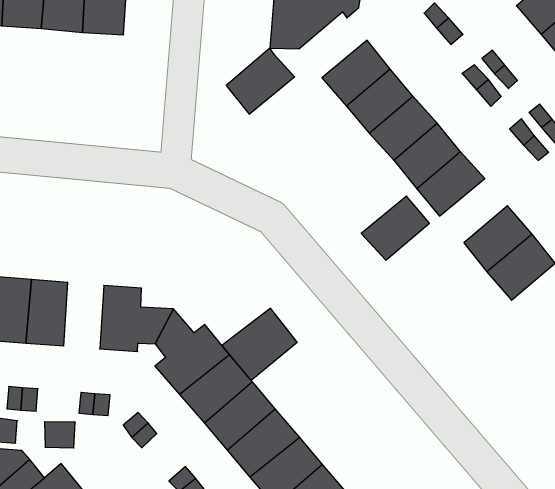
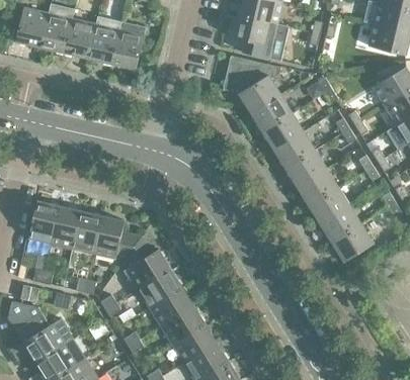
building: [226,48,295,114] -> [239,75,280,112]
building: [361,196,429,260] -> [308,187,349,223]
building: none -> [72,211,101,254]
building: [222,308,297,380] -> none

